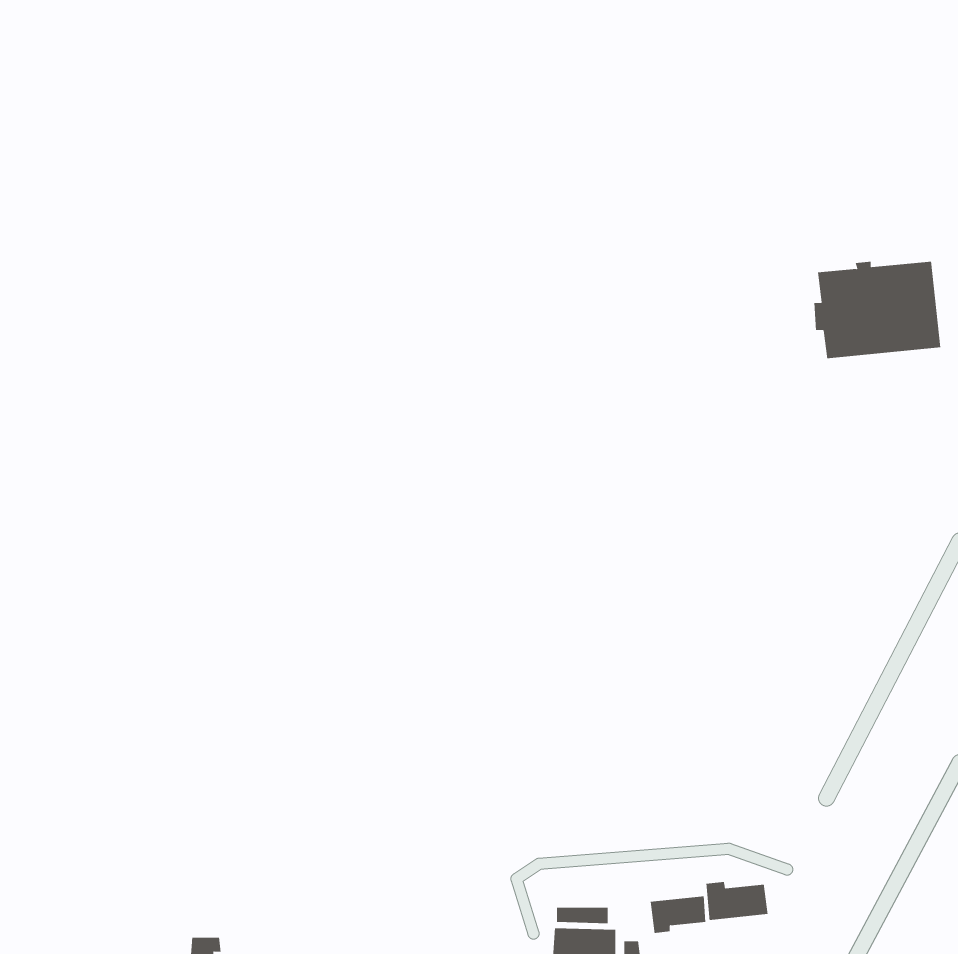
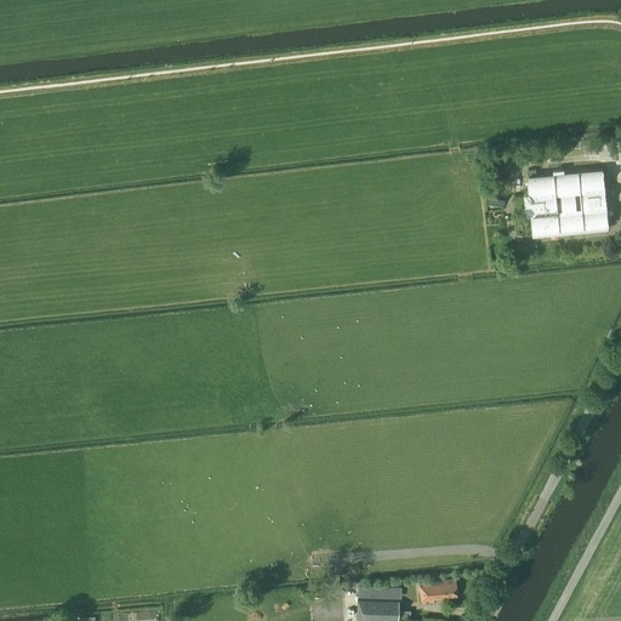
building: [706,881,768,921] -> none

